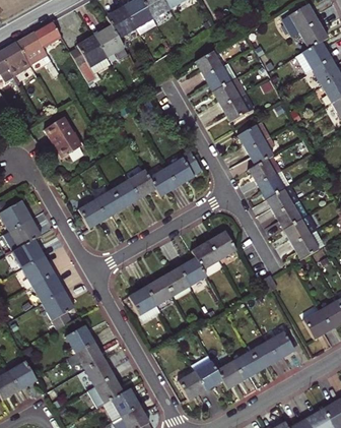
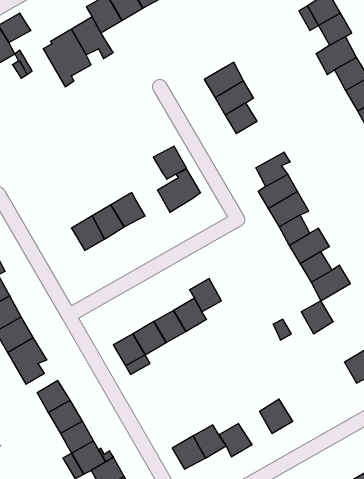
building: [195,50,221,76] -> none
building: [43,119,80,160] -> none
building: [237,121,270,149] -> none
building: [148,168,176,195] -> [153,146,186,179]
building: [78,199,106,228] -> none
building: [208,231,235,259] -> none
building: [303,310,330,338] -> [301,301,333,334]
building: [266,331,293,359] -> none
building: [232,351,260,378] -> none

